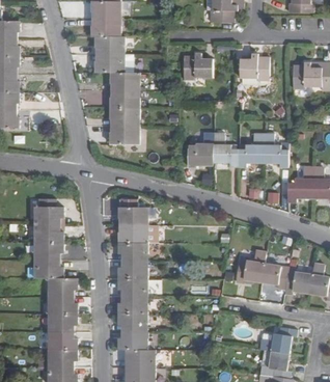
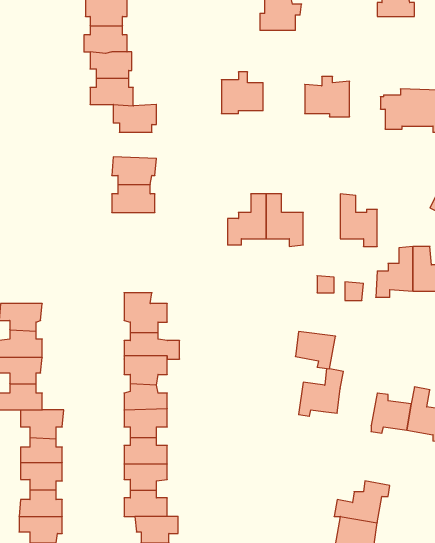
building: [110,91,139,109] -> none
building: [238,133,263,168] -> none
building: [260,264,287,289] -> [295,332,336,369]

